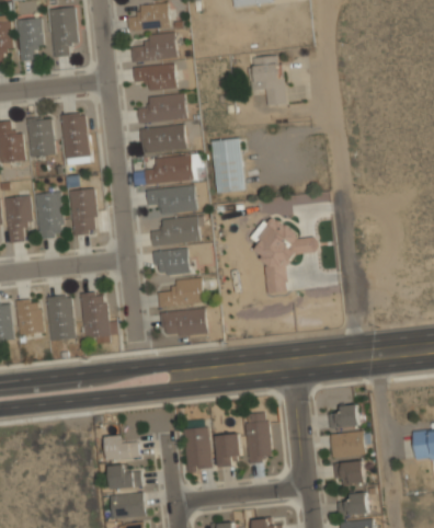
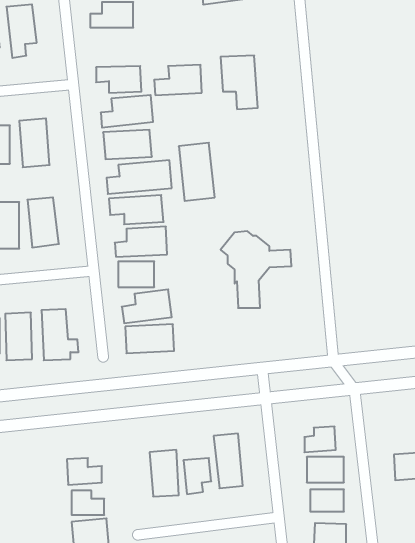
building: [130,33,175,61] -> [154,65,202,95]

